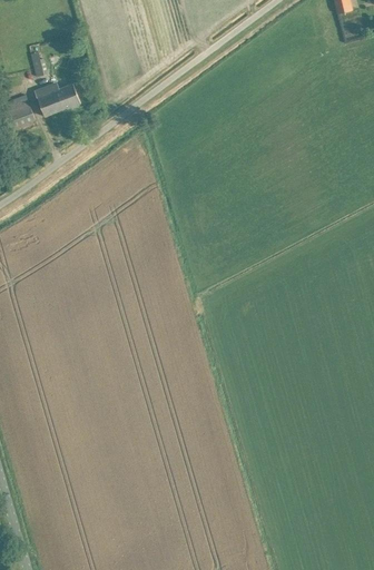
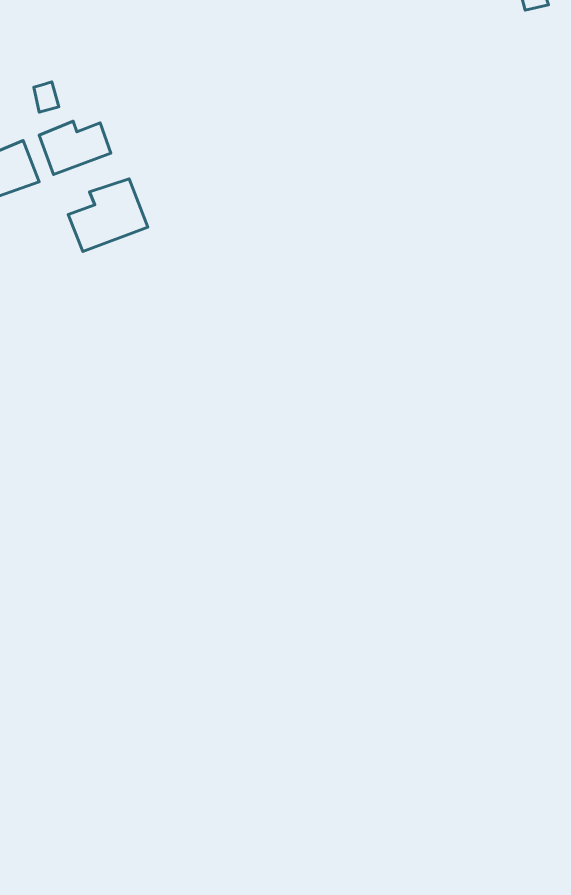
building: none -> [68,179,148,252]

